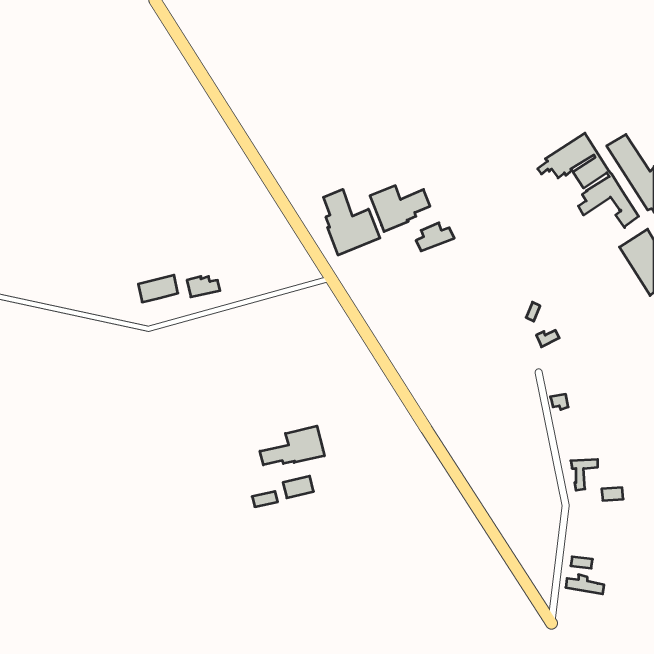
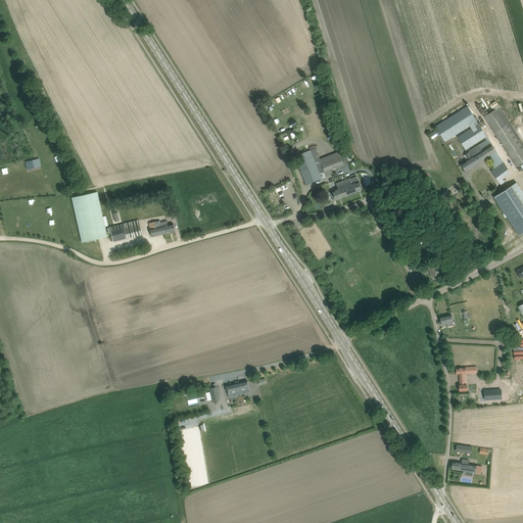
building: [323,189,380,255] -> none
building: none -> [72,192,107,243]
building: [260,426,324,465] -> none

